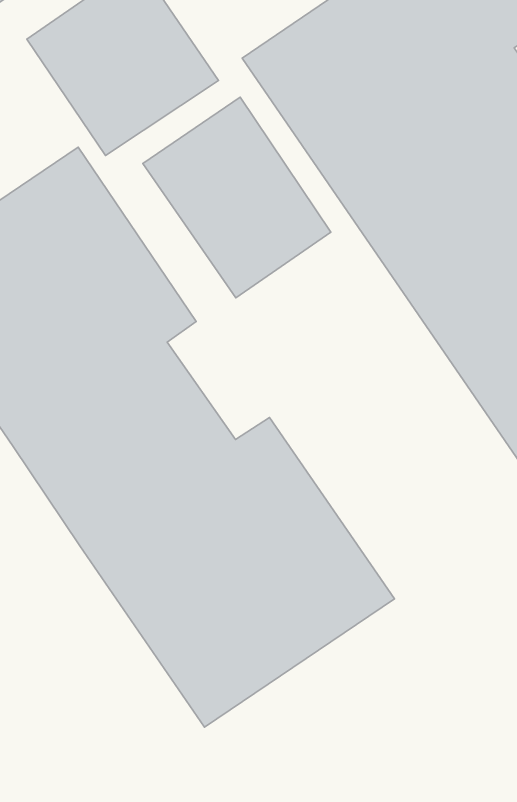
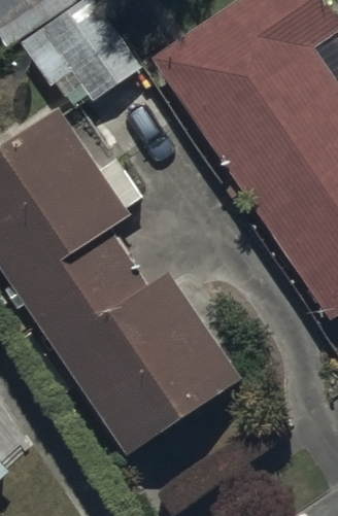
building: [143,97,331,298] -> none

